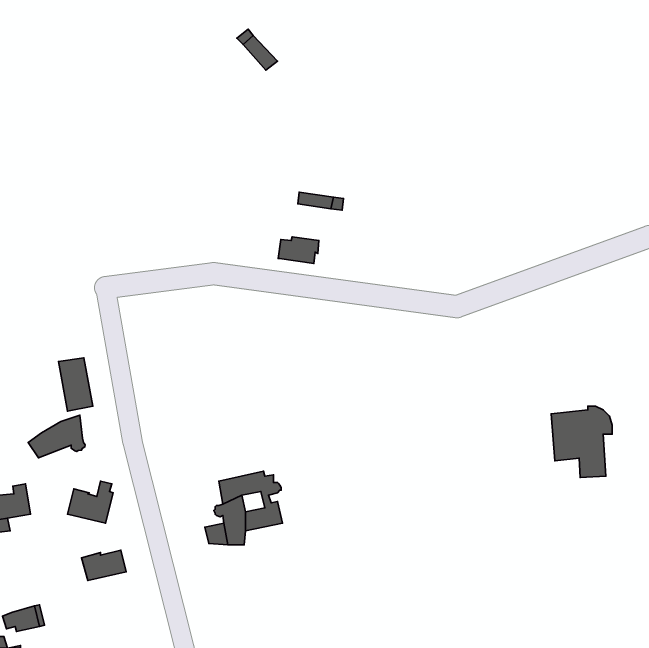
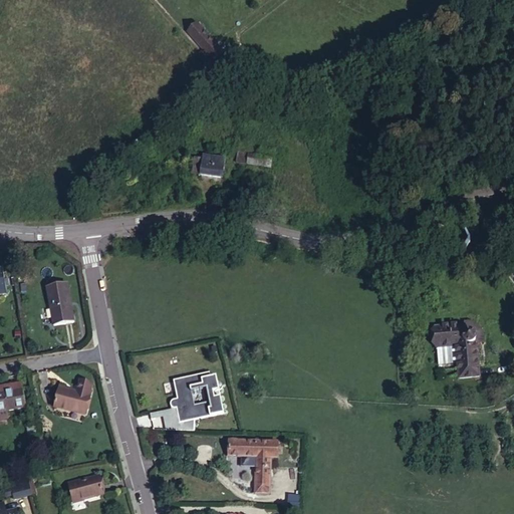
building: [278,237,319,264] -> [192,155,224,176]
building: [28,415,85,458] -> none
building: [81,550,126,581] -> [67,476,102,500]
building: none -> [227,438,277,486]

